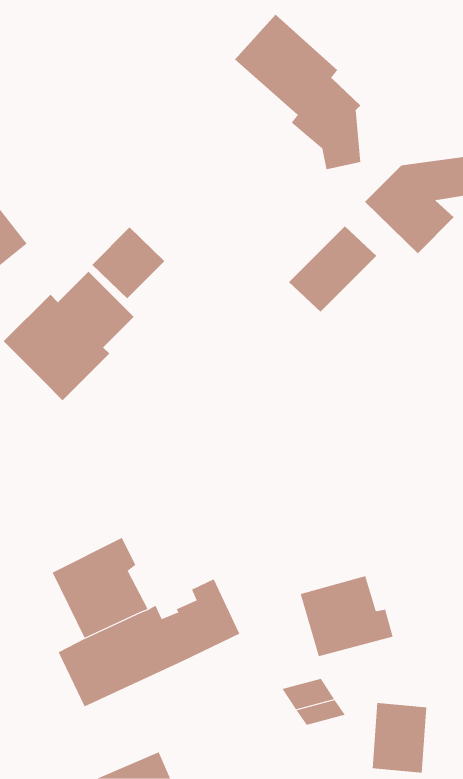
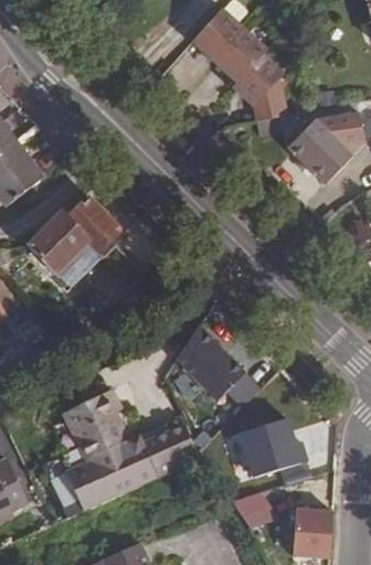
building: [288,225,377,313] -> none
building: [91,227,165,299] -> none
building: none -> [174,324,244,399]

